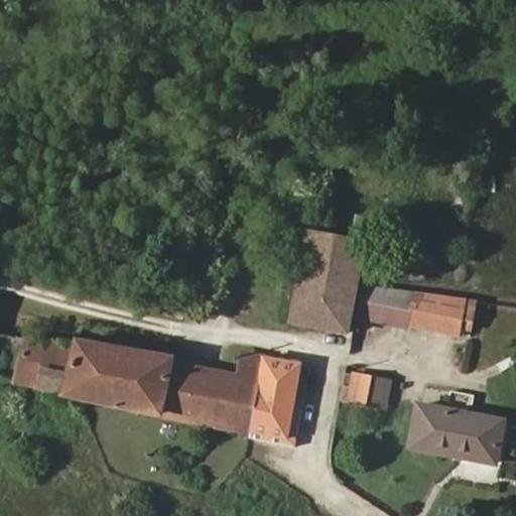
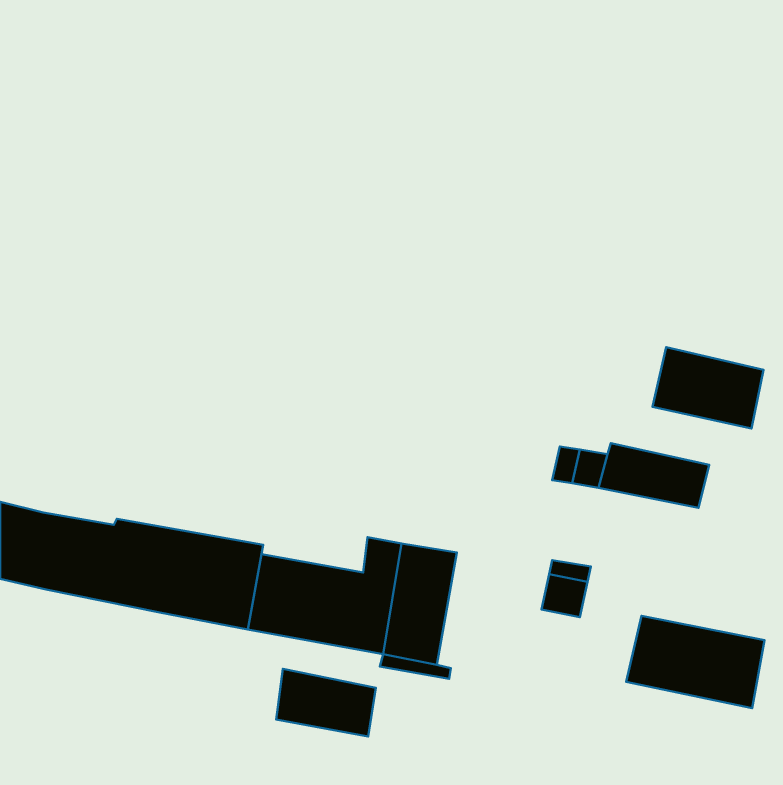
building: none -> [653,347,763,429]
building: [295,235,365,332] -> none
building: none -> [276,669,376,736]

